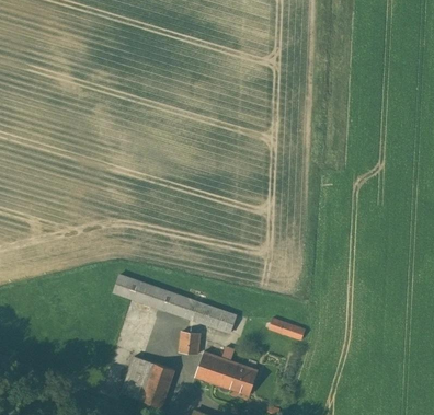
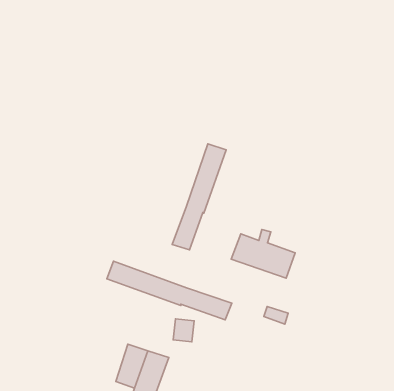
building: none -> [172,144,226,250]
building: [194,347,258,395] -> [231,229,295,278]

